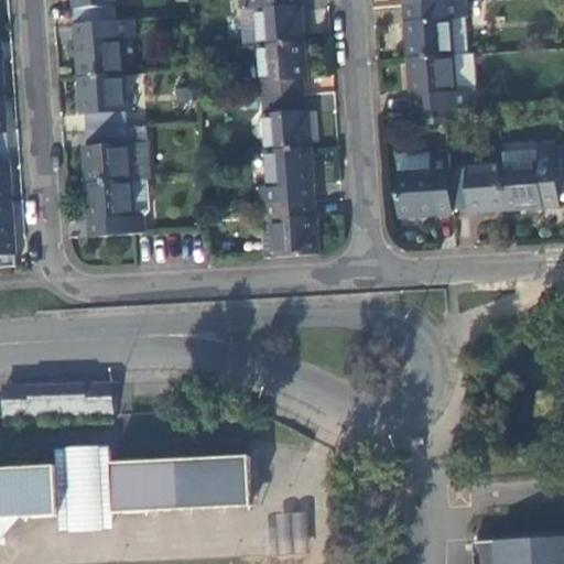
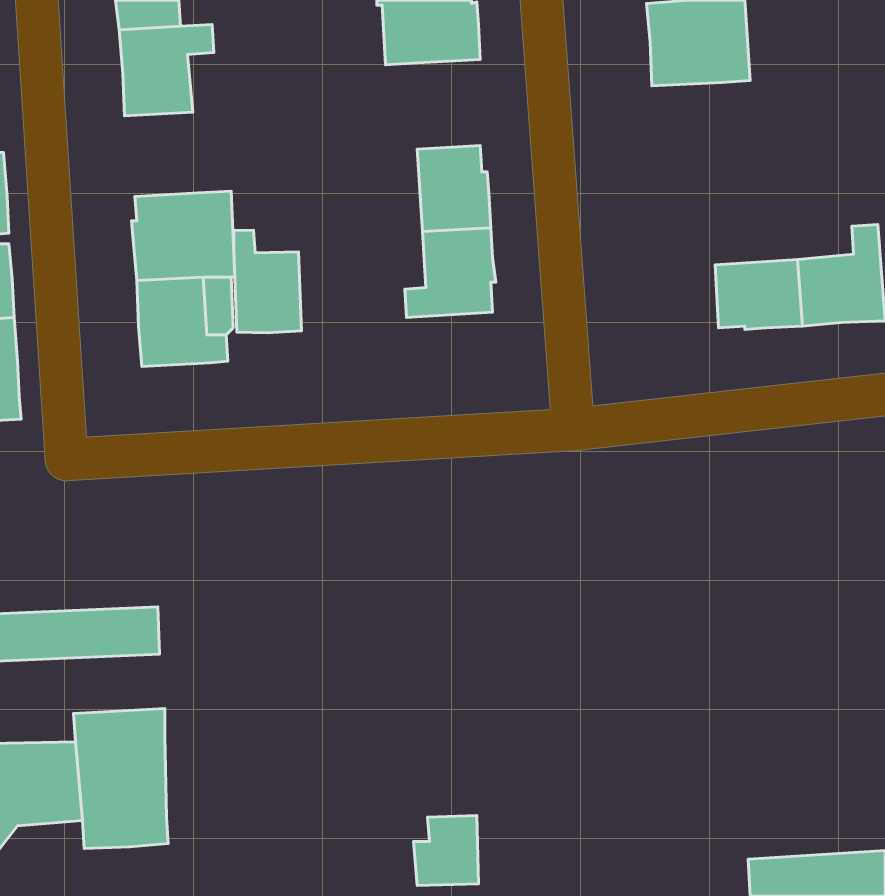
building: [259,37,304,94] -> none
building: [410,52,475,107] -> none
building: [78,70,124,123] -> none
building: none -> [234,230,301,333]
building: [397,150,452,212] -> none
building: [256,196,316,251] -> none
building: [104,455,242,513] -> none

